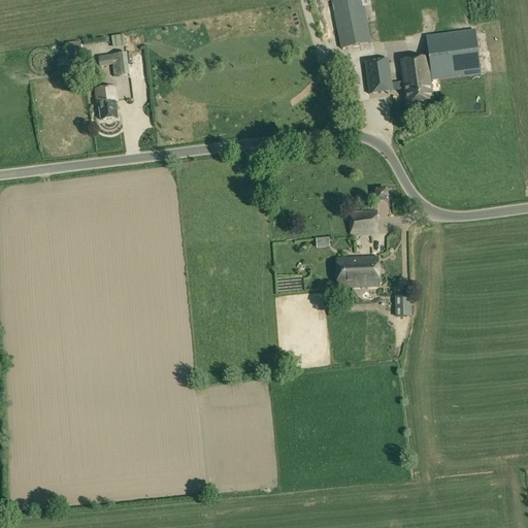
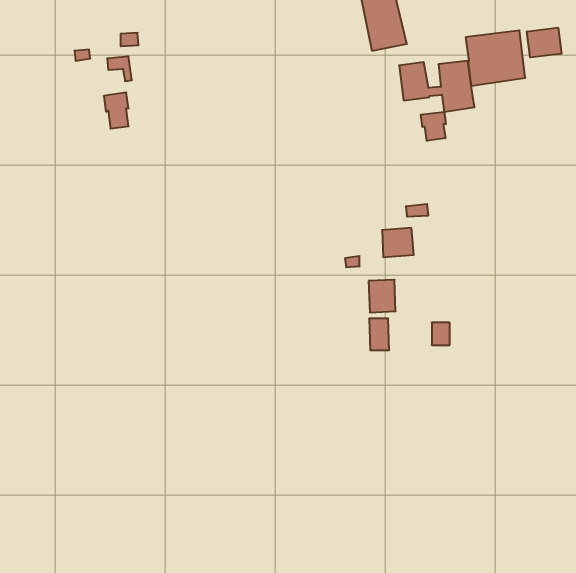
building: none -> [527,28,561,57]
building: none -> [421,112,446,141]
building: [361,256,380,285] -> [369,319,389,350]

